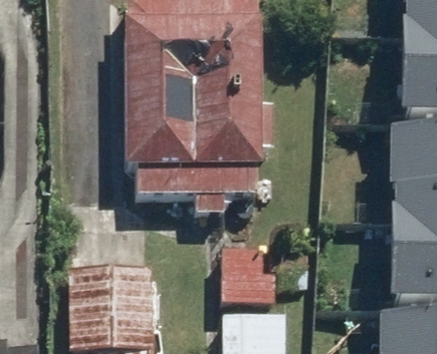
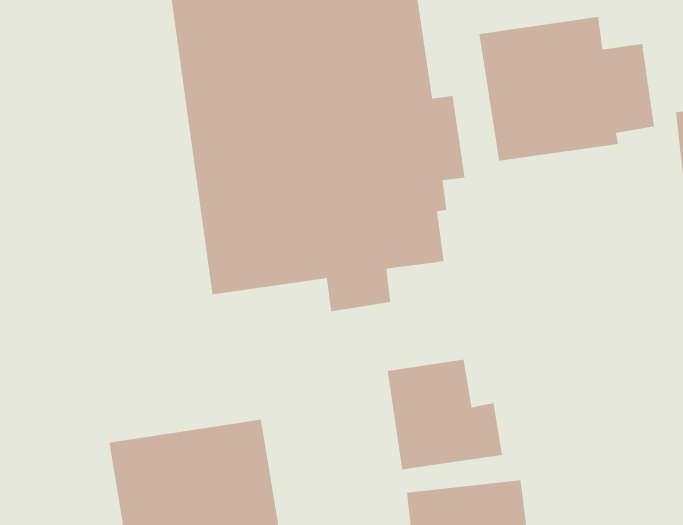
building: none -> [479,16,655,162]

